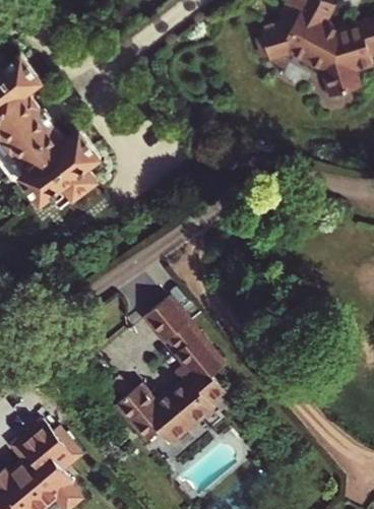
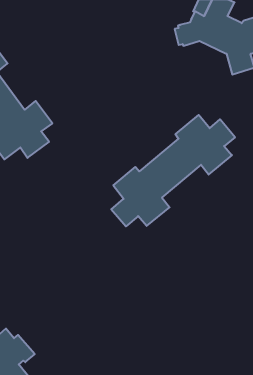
building: none -> [111,115,235,226]
building: [117,297,226,443] -> none

